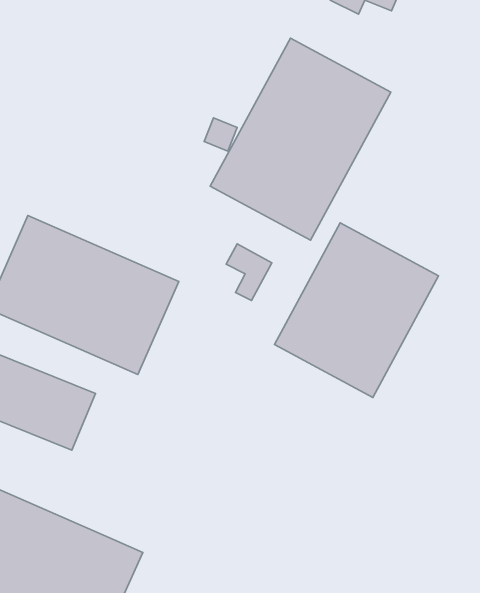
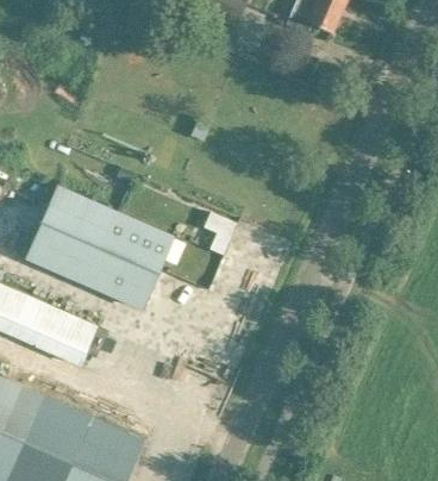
building: [210,38,391,240] -> none
building: [274,223,439,397] -> none

